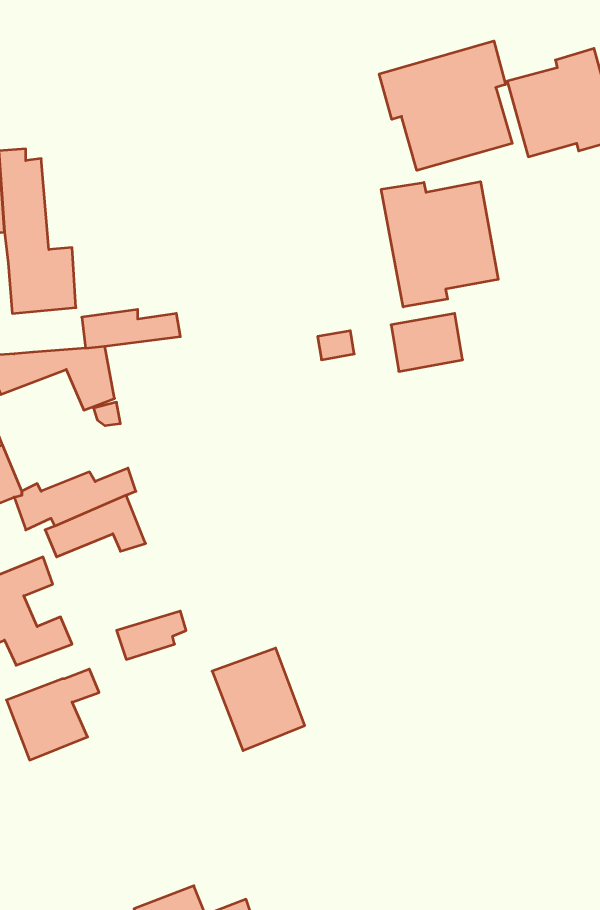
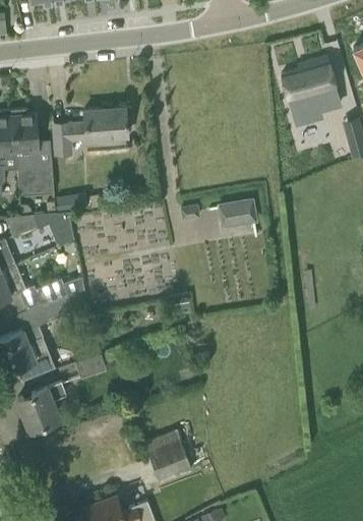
building: [379,41,512,170] -> none
building: none -> [53,109,127,156]
building: [381,182,498,307] -> none
building: [212,648,305,751] -> [143,430,192,484]

